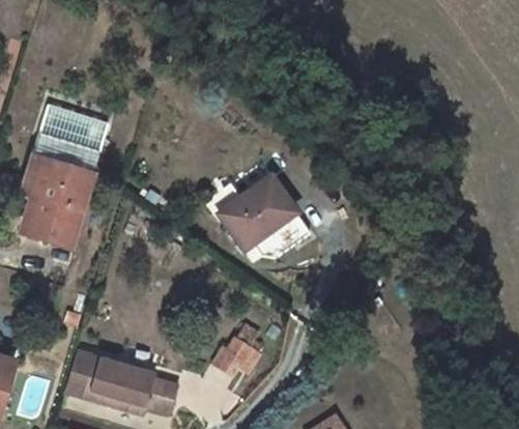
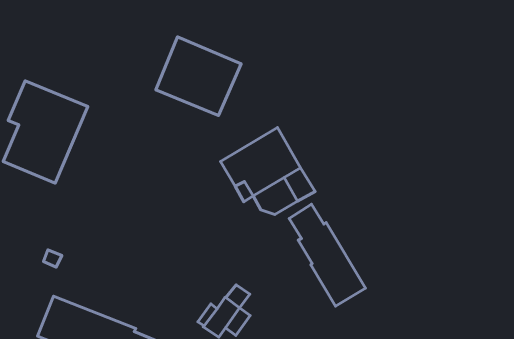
building: [32,105,109,174] -> [156,37,241,116]
building: none -> [289,204,365,306]

